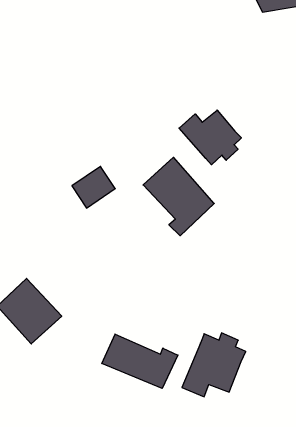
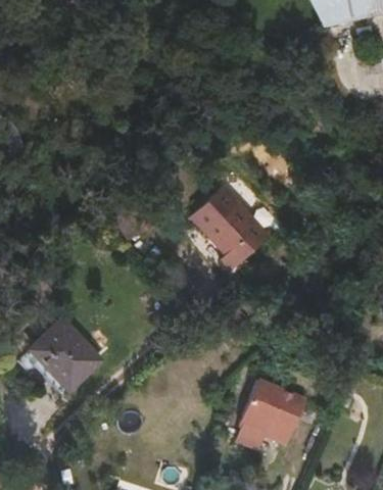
building: [179,110,241,165] -> none
building: [102,334,178,388] -> none

